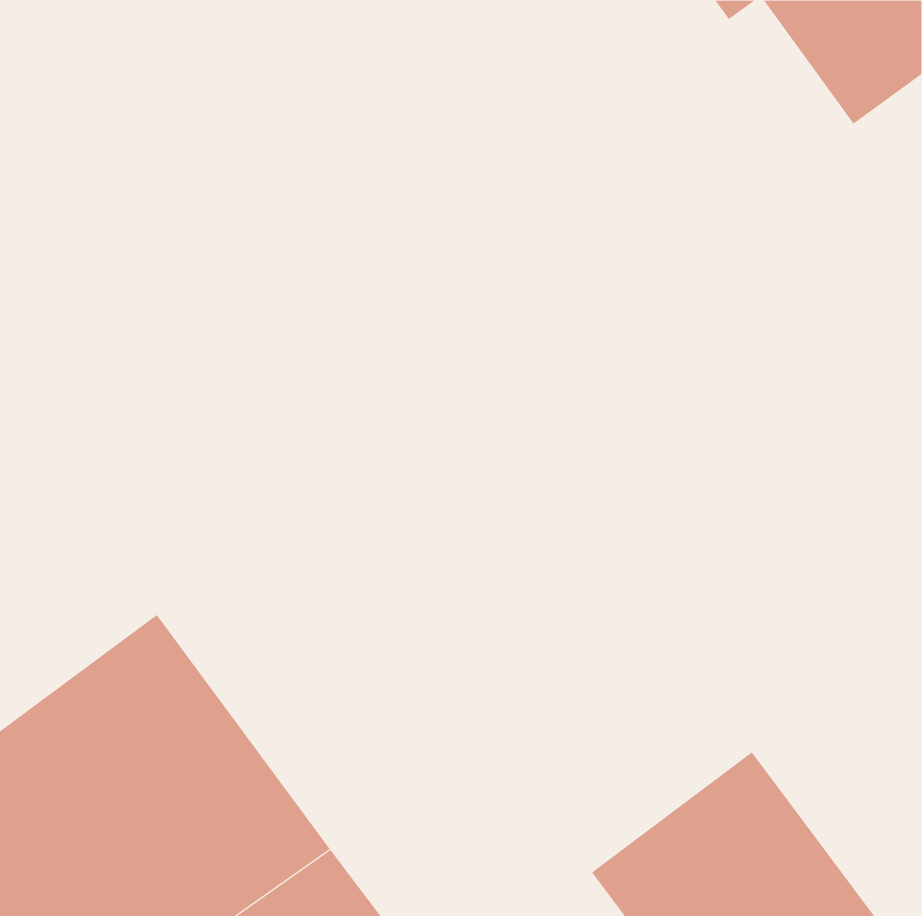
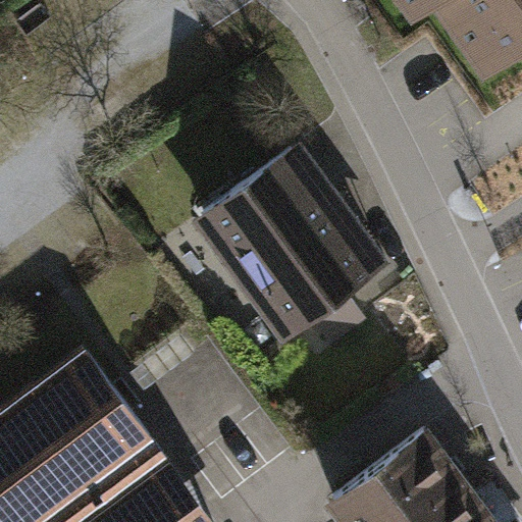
building: none -> [203,149,377,343]

